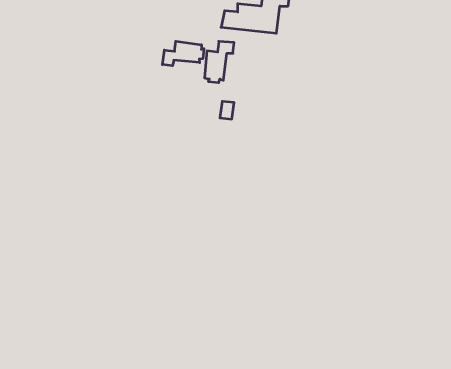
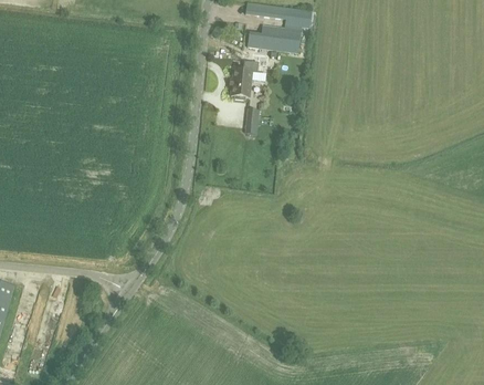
building: [162,41,204,66] -> none

